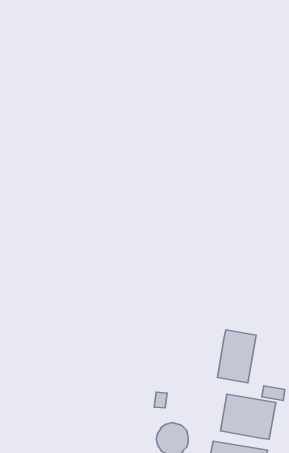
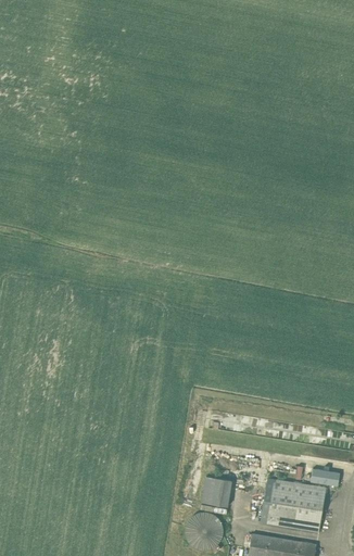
building: [217,330,256,383] -> none
building: none -> [202,477,232,507]

